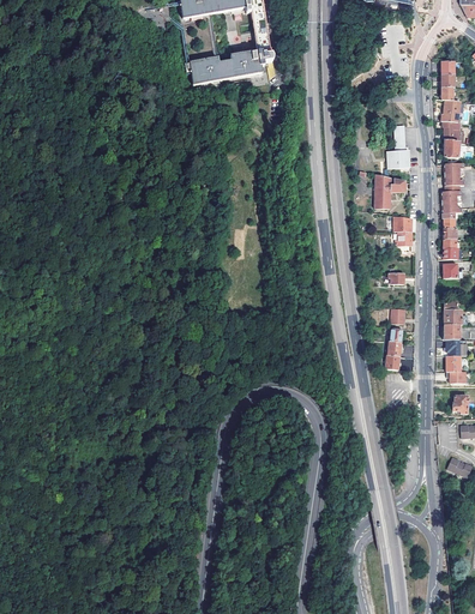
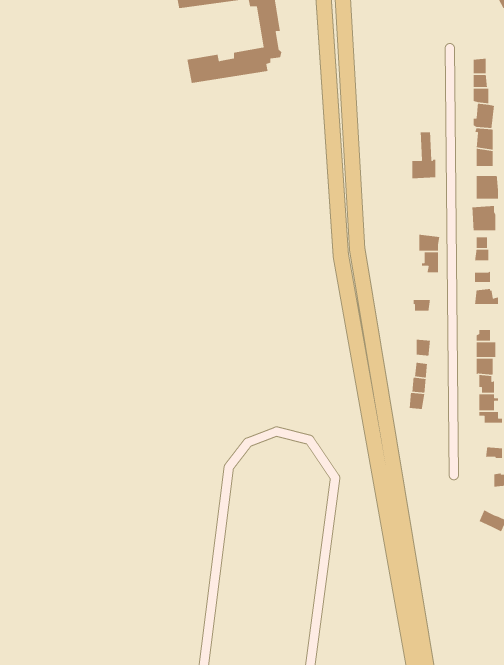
building: [374,173,404,207] -> none

